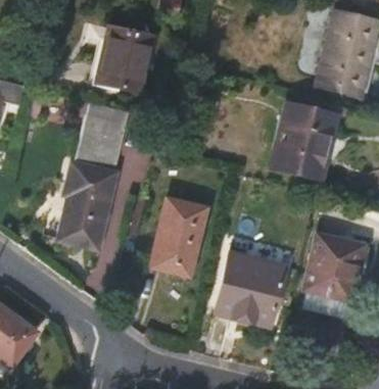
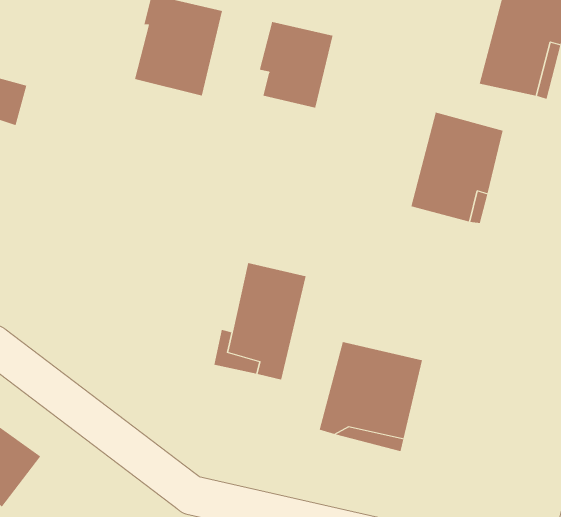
building: none -> [259,21,333,109]
building: [60,118,127,250] -> none
building: [302,236,362,317] -> none

